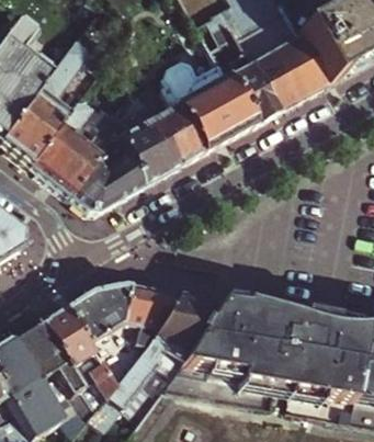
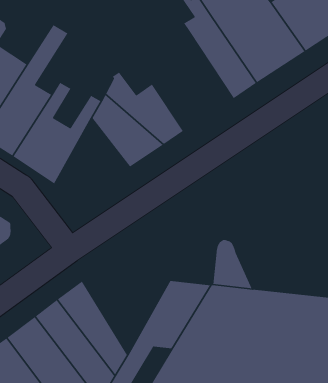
building: [166,47,259,147] -> none
building: [76,127,151,204] -> none
building: [95,284,182,363] -> none

